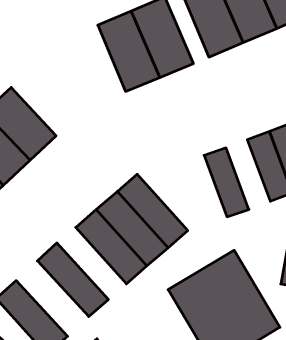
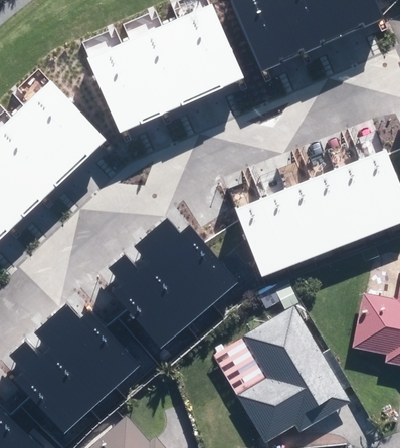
building: none -> [85,32,161,132]
building: none -> [20,78,108,168]
building: none -> [284,173,339,258]
building: none -> [231,192,285,277]
building: none -> [26,321,116,414]

